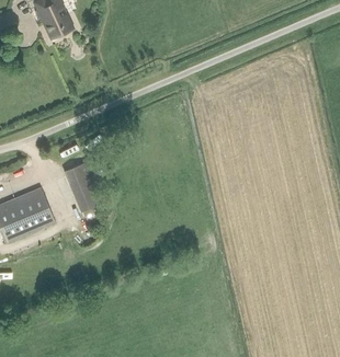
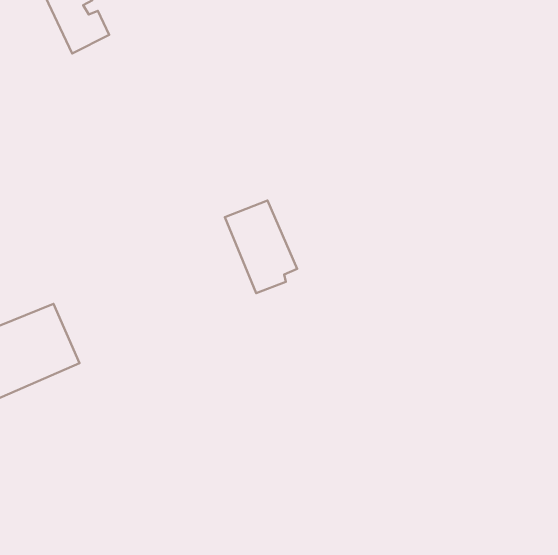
building: [64,160,106,215] -> [225,200,297,293]

